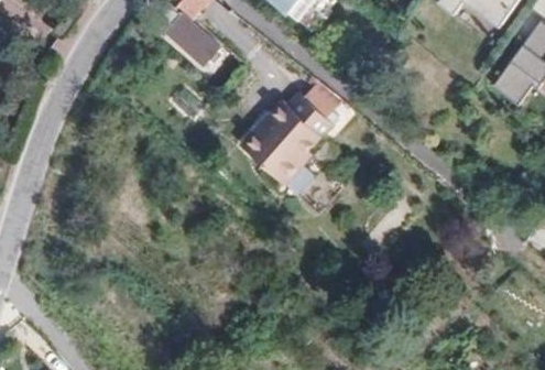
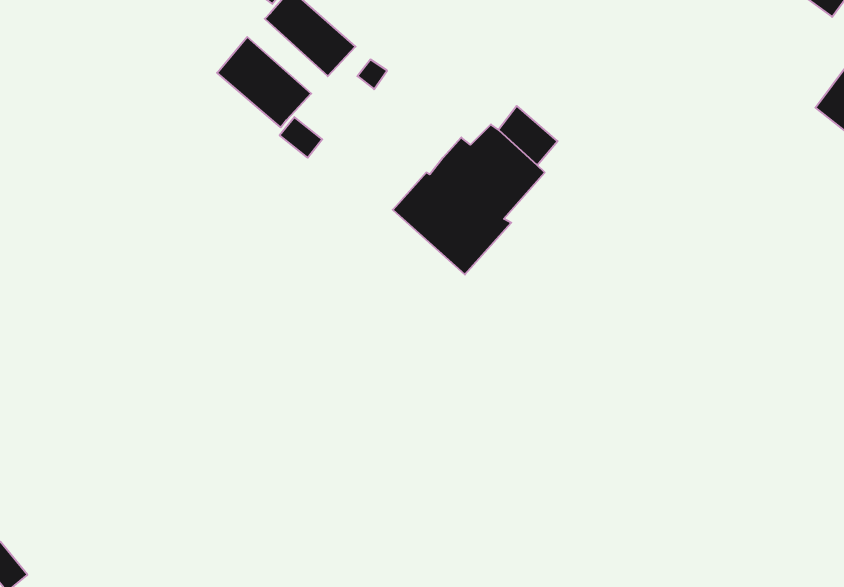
building: none -> [217,37,311,127]

